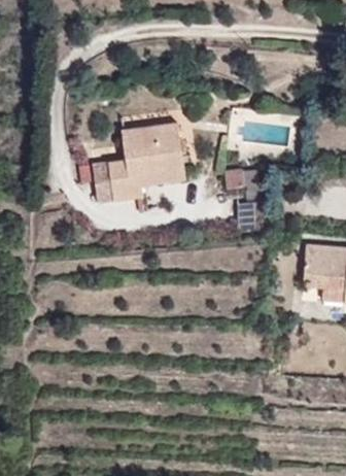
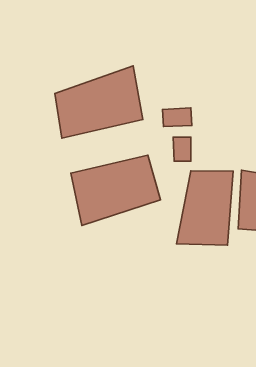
building: none -> [71,155,160,225]
building: none -> [177,171,233,245]

